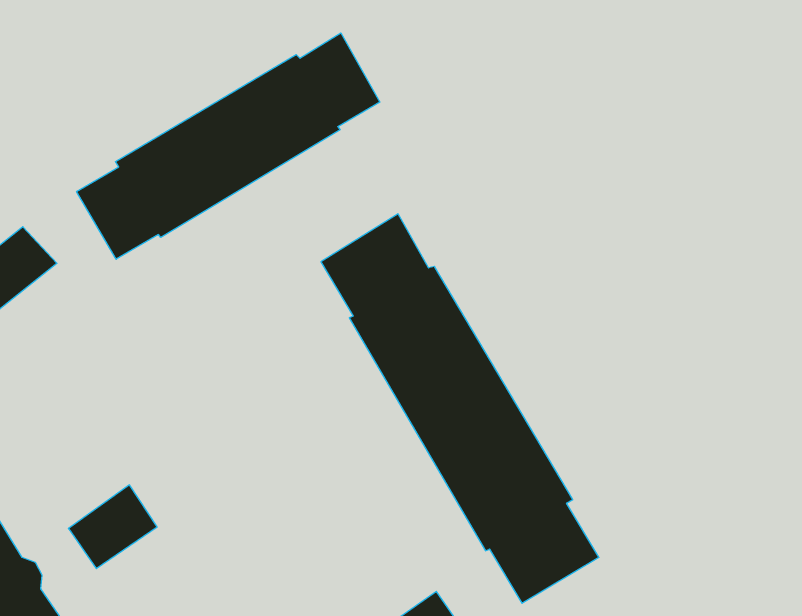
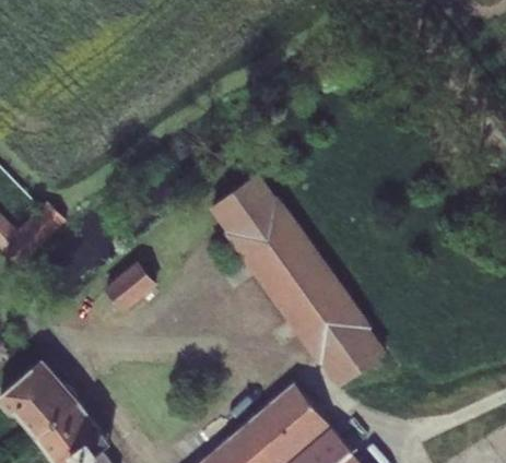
building: [77,33,380,259] -> none
building: [68,485,157,569] -> [106,263,155,311]

